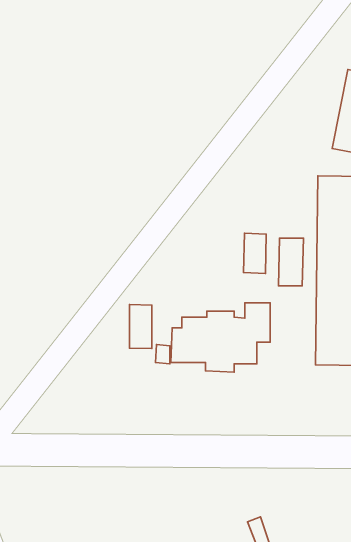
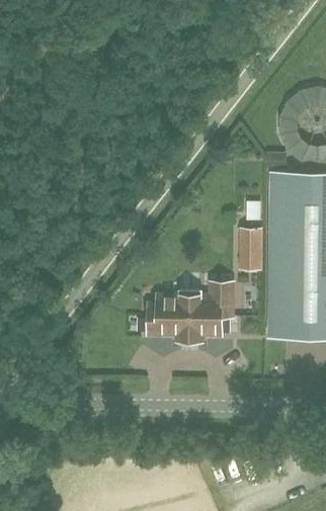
building: [243,233,266,274] -> none
building: [129,305,152,349] -> none

